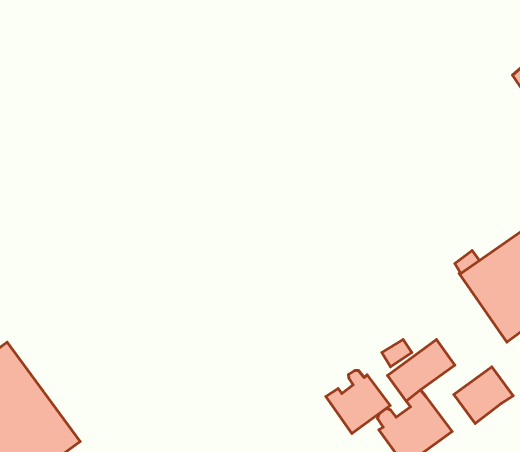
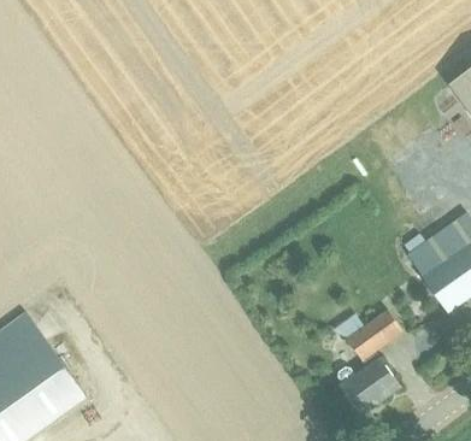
building: [454,367,513,423] -> none
building: [326,370,390,433] -> none

